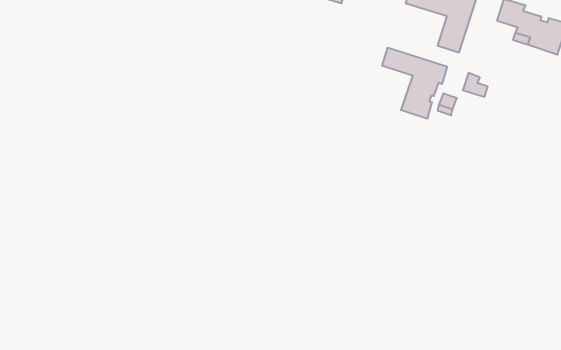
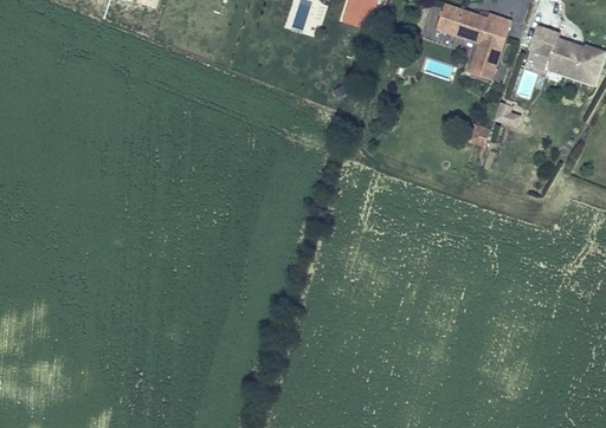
building: [382,48,447,119] -> none

